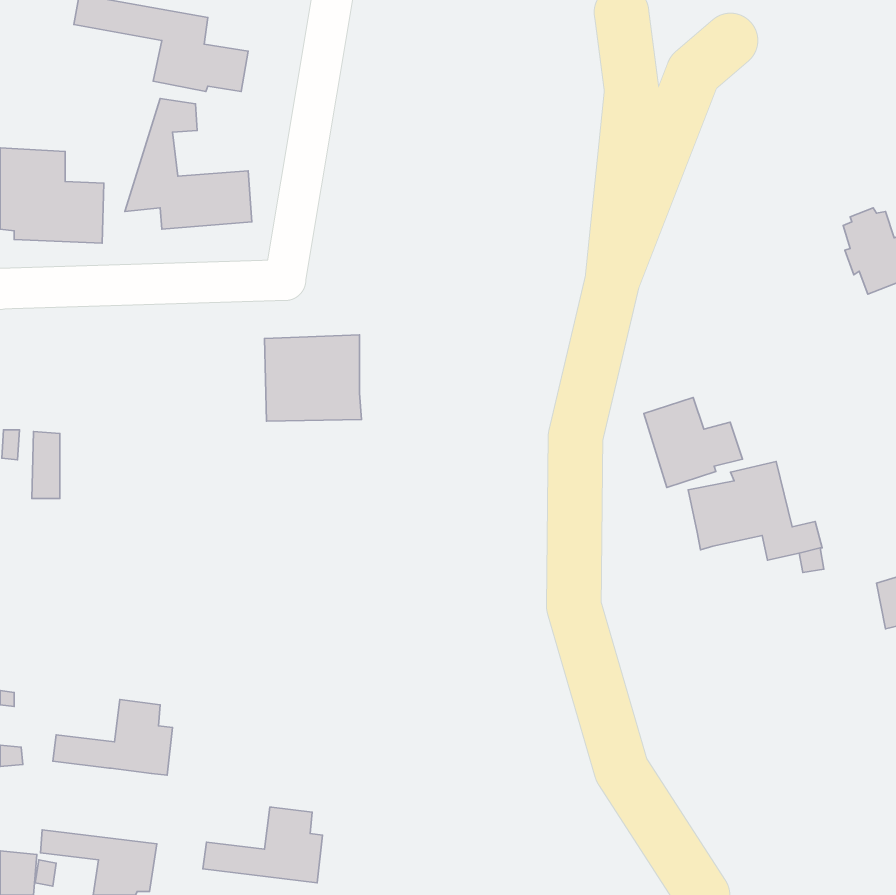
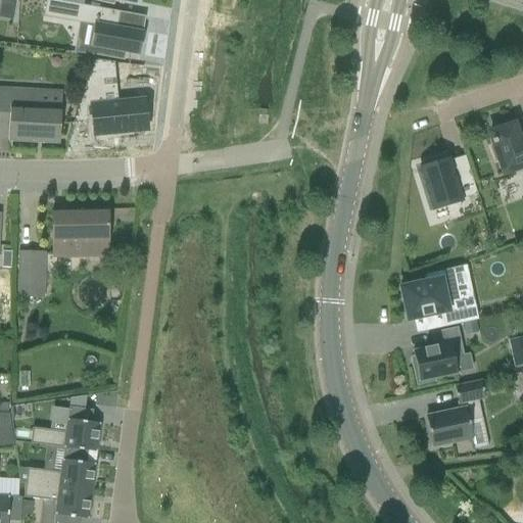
building: [265,335,361,421] -> [54,206,110,256]
building: [644,398,742,487] -> [422,156,479,208]
building: none -> [415,326,464,382]
building: none -> [428,379,486,444]
building: [203,807,323,883] -> [27,445,96,489]

